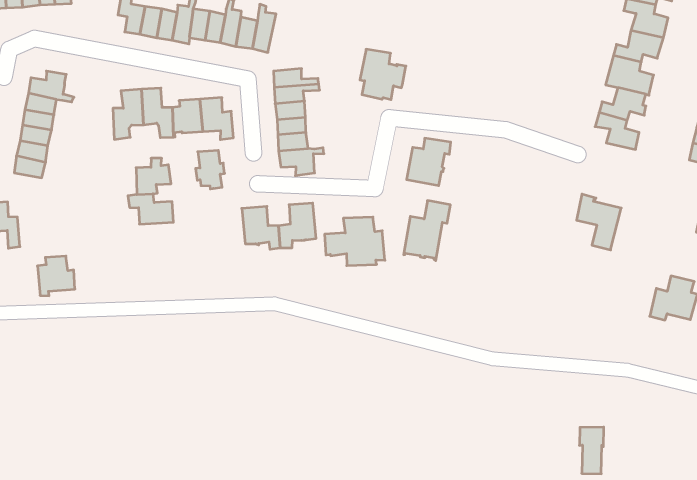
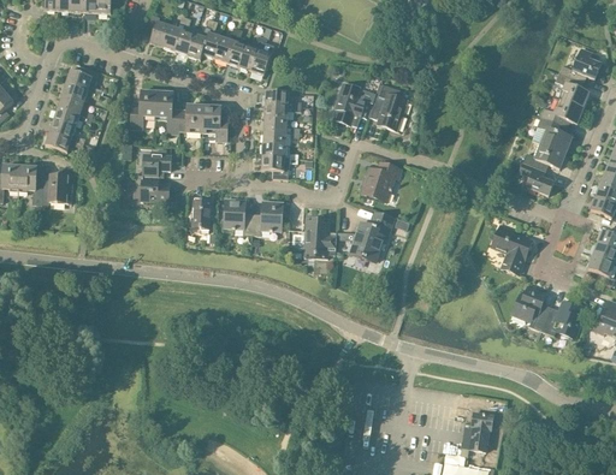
building: none -> [368,83,407,131]
building: [196,150,225,189] -> [190,197,213,228]
building: [37,256,75,296] -> [42,174,72,206]
building: none -> [513,286,550,331]

